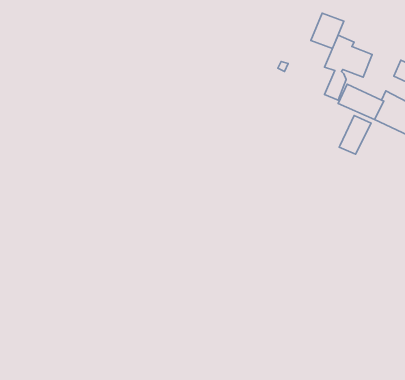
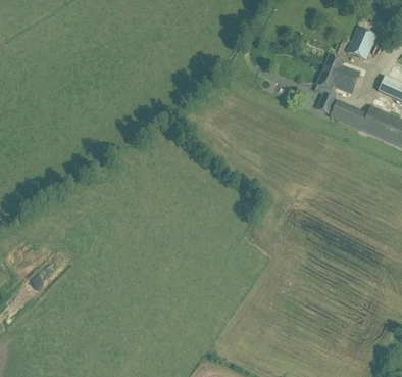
building: [311,13,344,49] -> [347,28,376,59]
building: [339,115,371,154] -> none

